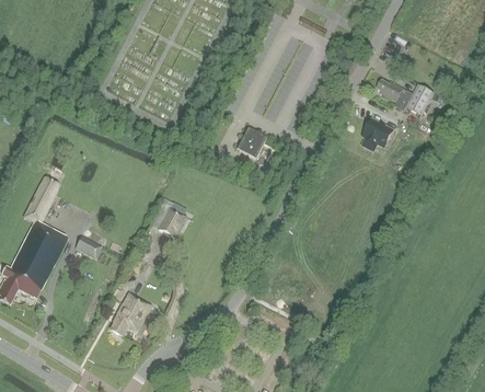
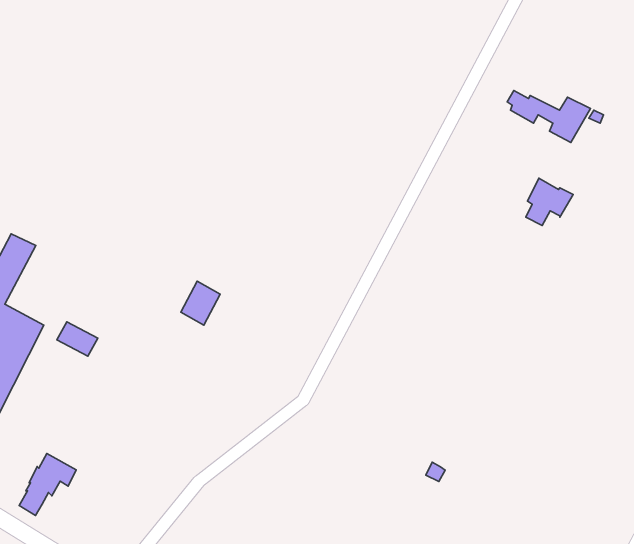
building: [362,118,394,150] -> [526,178,573,225]
building: [236,126,267,158] -> none
building: [111,293,149,335] -> [19,453,76,515]

